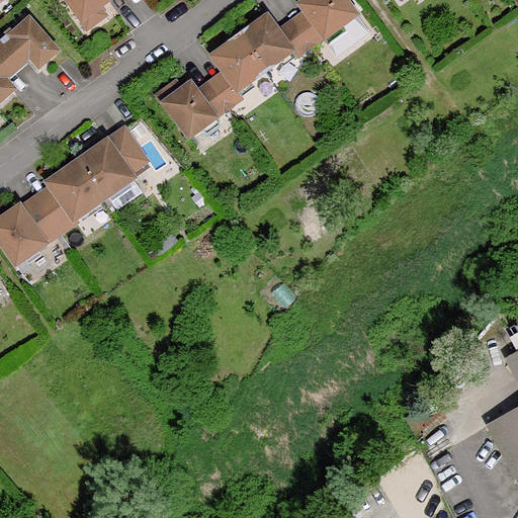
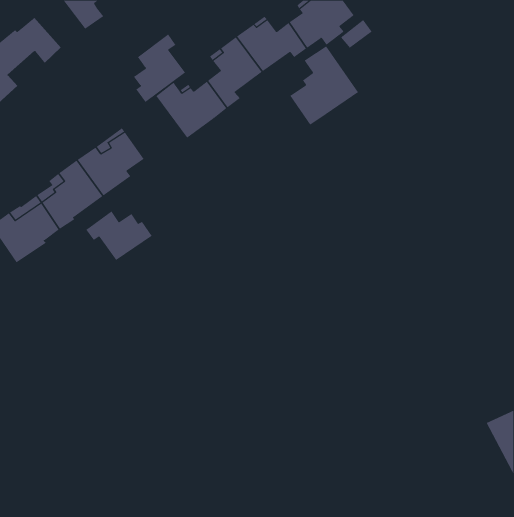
building: none -> [133,34,186,103]
building: none -> [289,46,359,126]
building: none -> [86,211,153,261]

